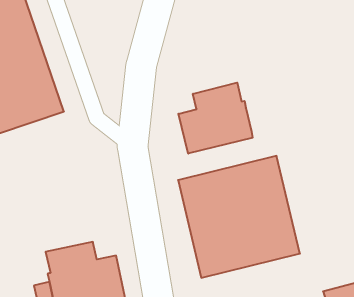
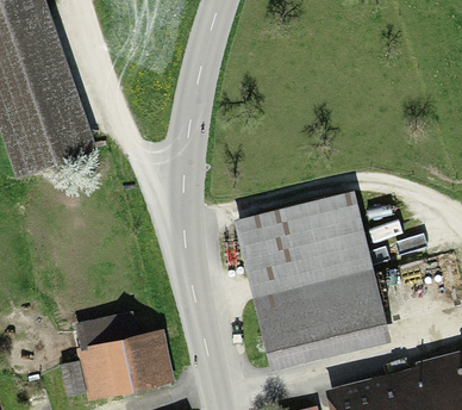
building: [178,83,253,154] -> none

